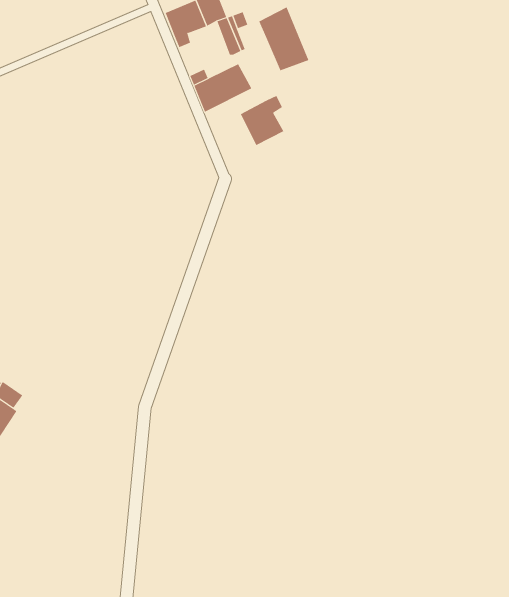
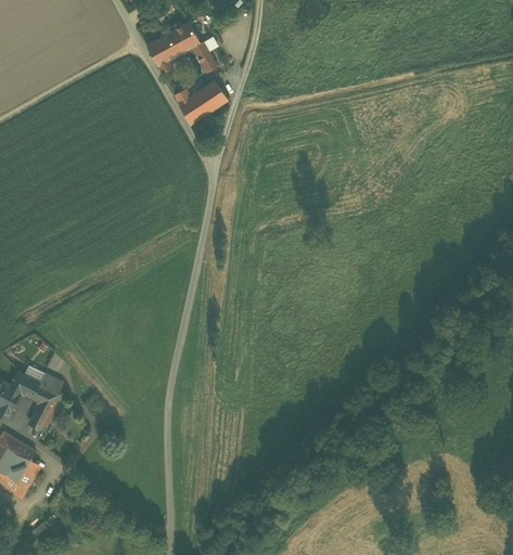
building: [258,7,309,71] -> none
building: [240,95,284,146] -> none

